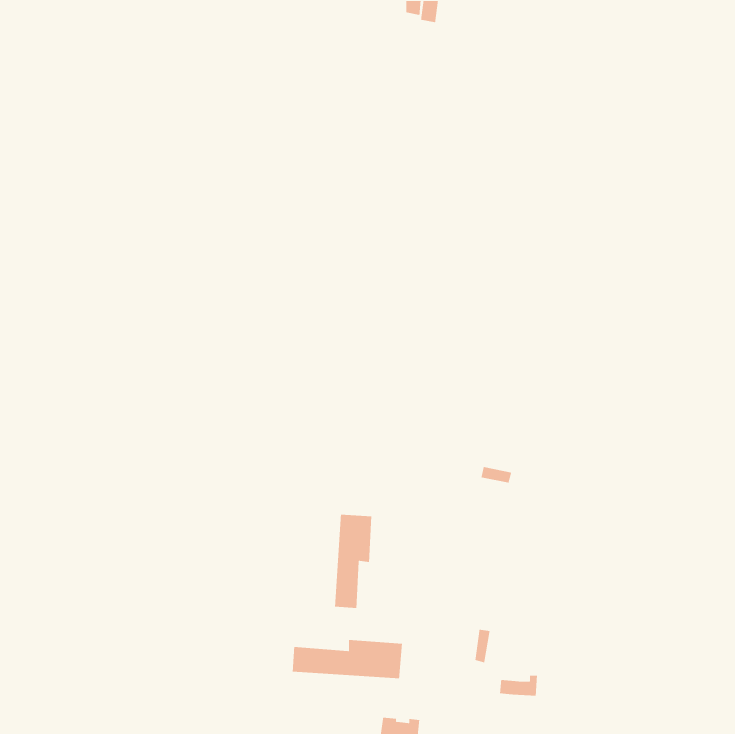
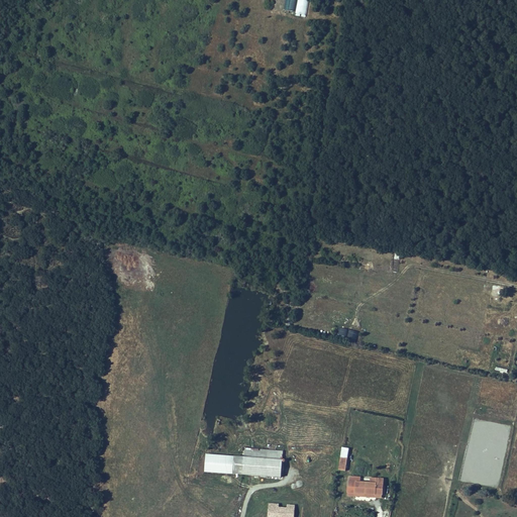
building: [334,514,372,609] -> none

